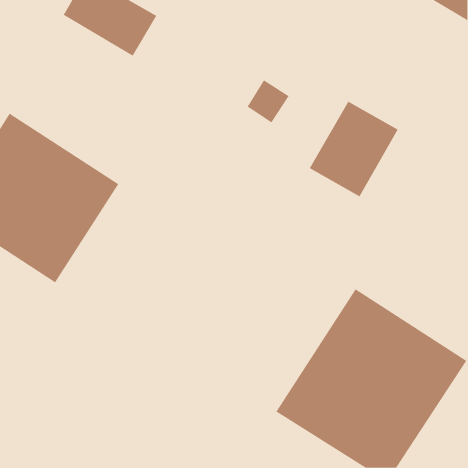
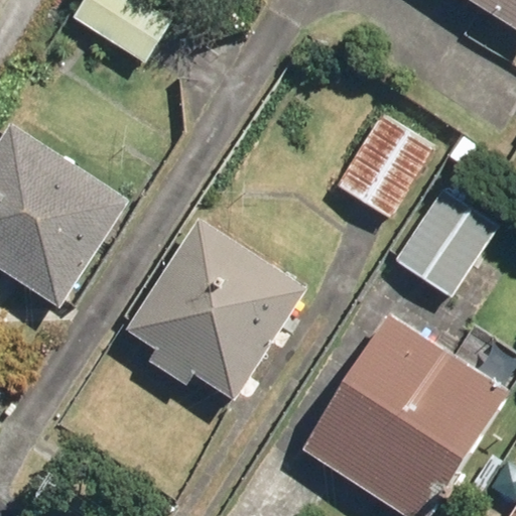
building: none -> [394,182,499,294]
building: none -> [127,218,307,401]

